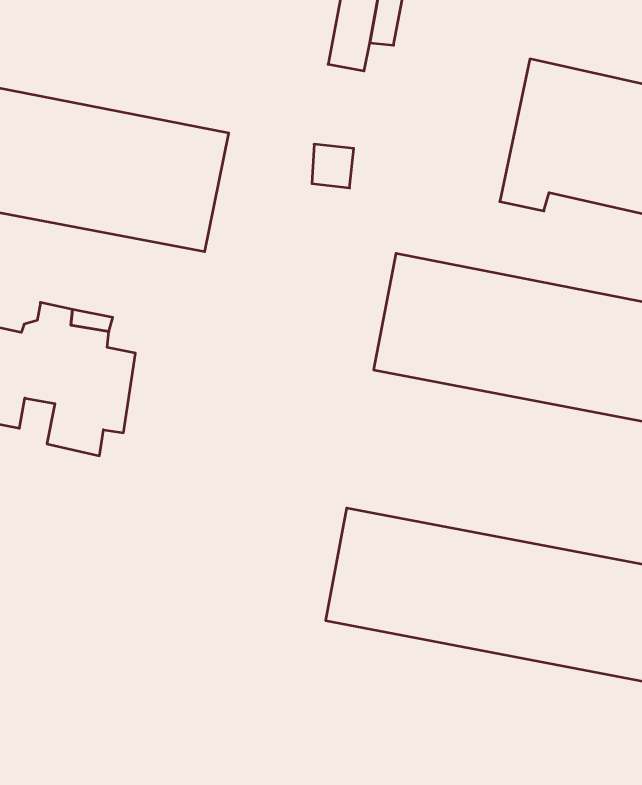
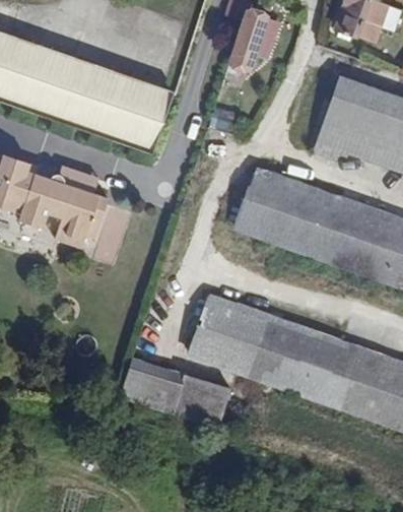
building: none -> [118,357,228,424]

